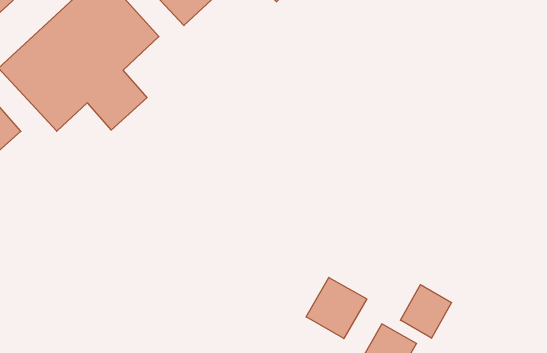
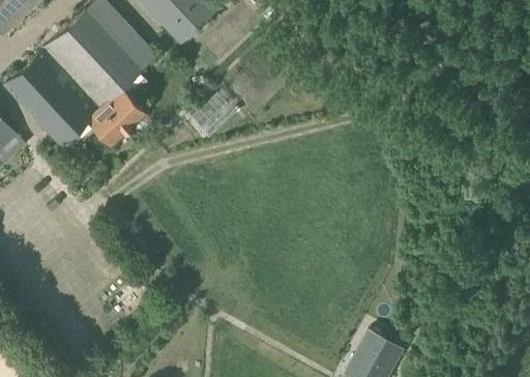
building: [306,277,367,339] -> none
building: [400,285,452,338] -> none

